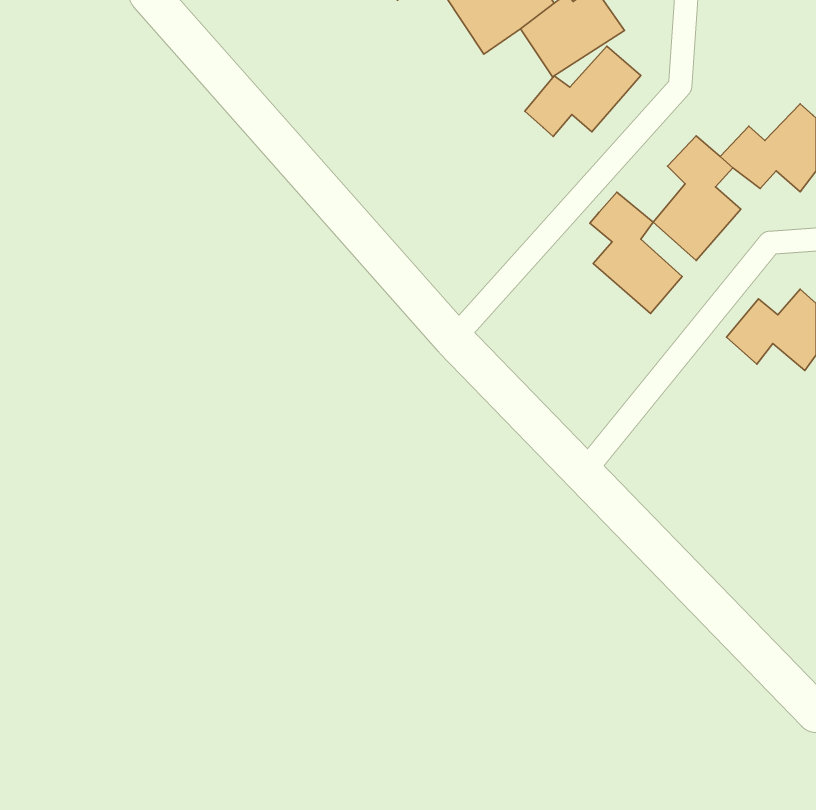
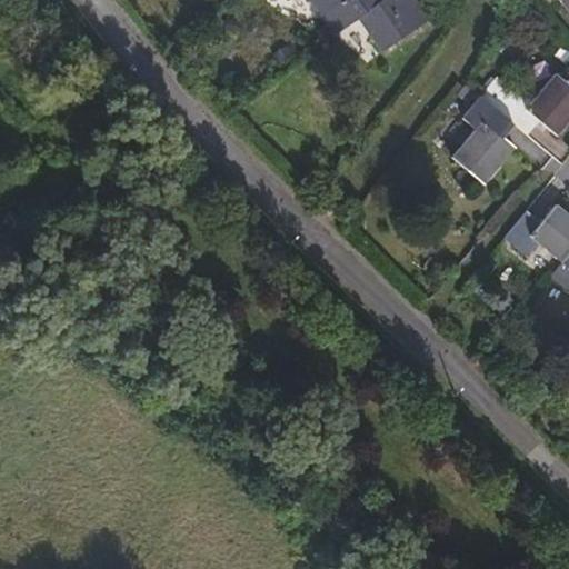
building: [525,46,641,136] -> none
building: [590,192,682,314] -> none

